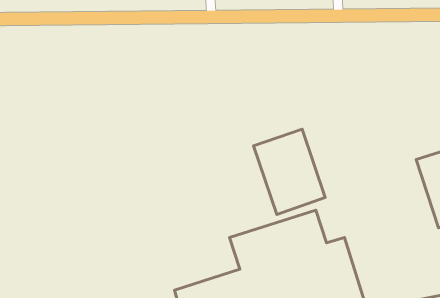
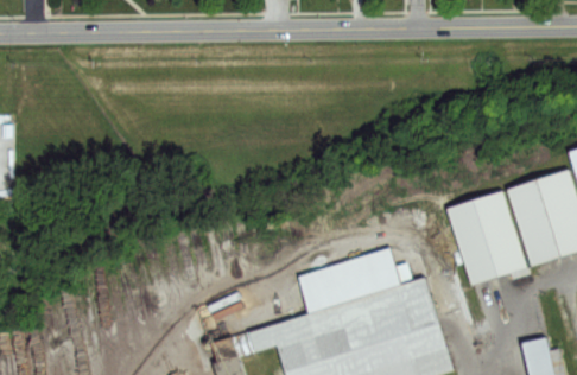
building: [254,129,325,214] -> [446,192,527,288]

